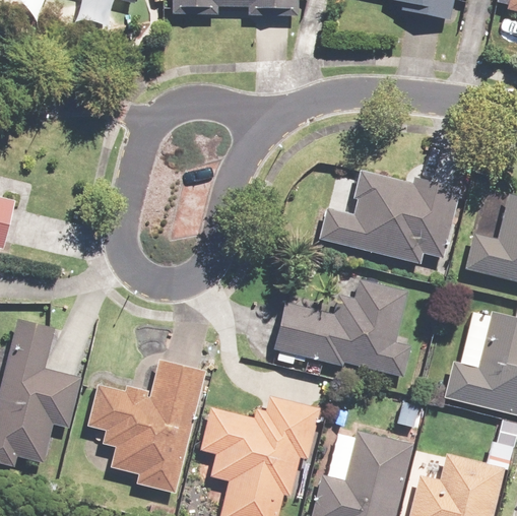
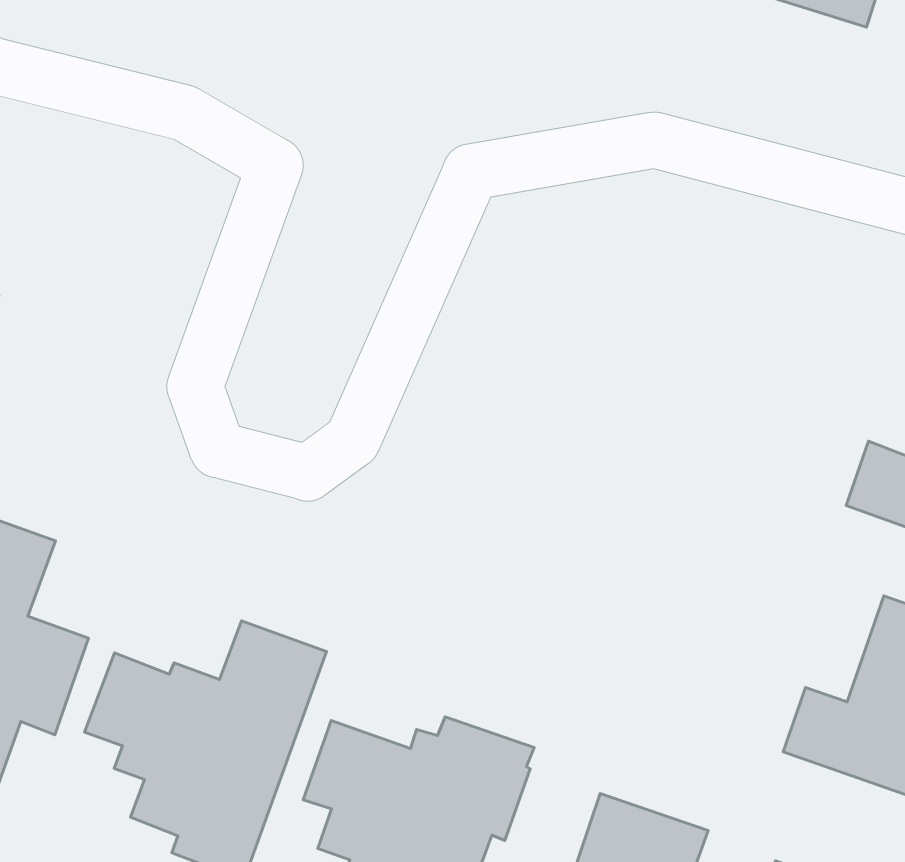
building: [319,169,461,263] -> none
building: [273,281,410,378] -> none

